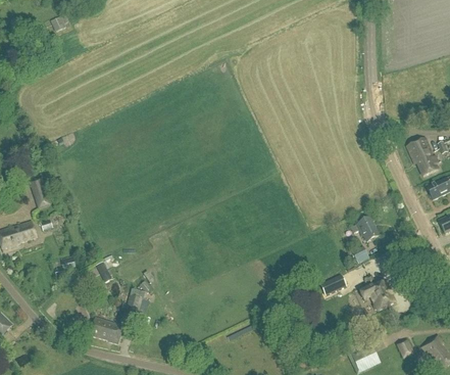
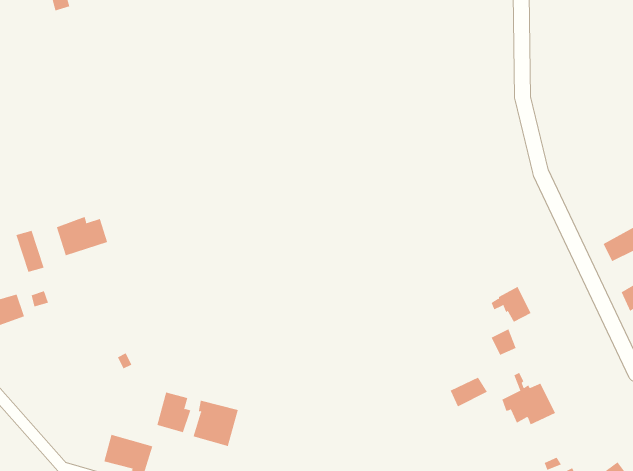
building: [406,137,438,176] -> none
building: none -> [56,216,108,256]
building: none -> [193,400,238,447]

